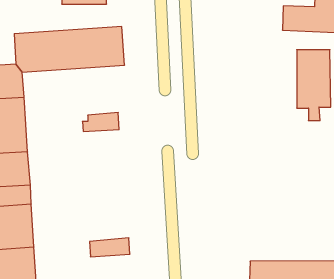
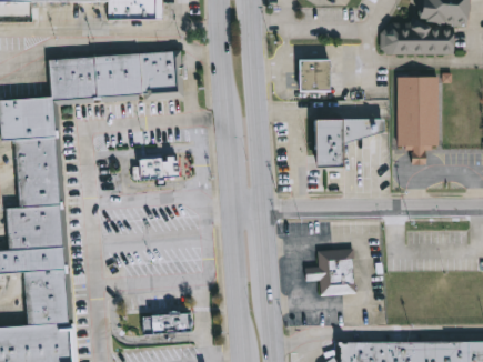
building: none -> [299,59,331,91]
building: none -> [320,121,388,169]
building: none -> [304,249,354,295]

